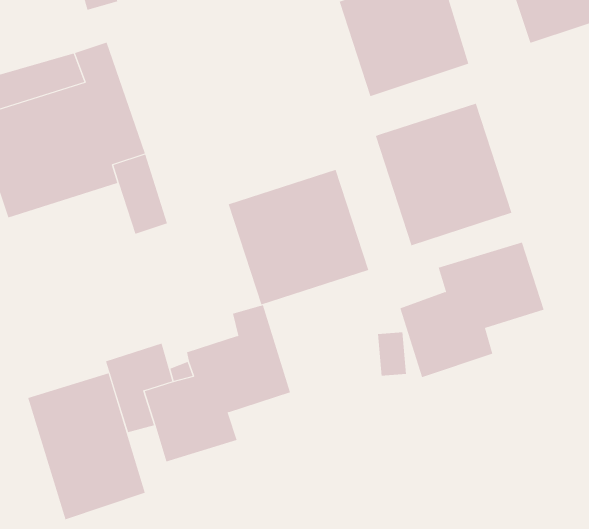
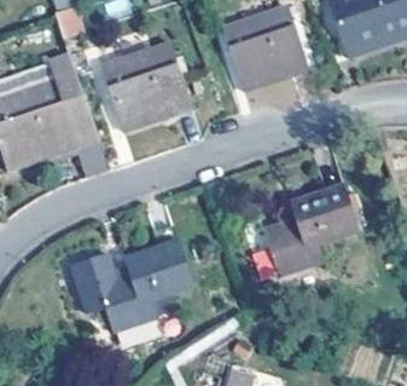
building: [375,103,512,246] -> none
building: [228,169,369,305] -> [100,42,193,132]
building: [28,372,145,520] -> none

